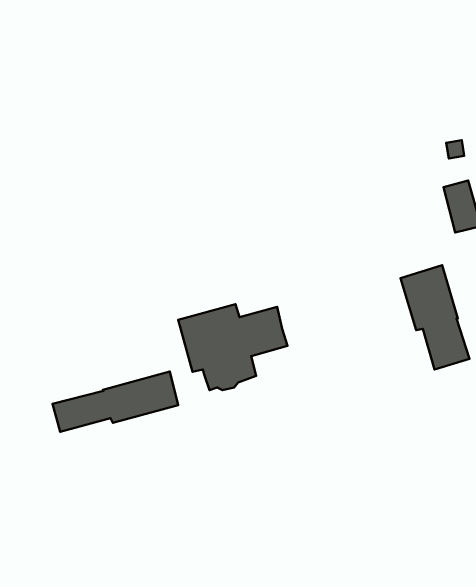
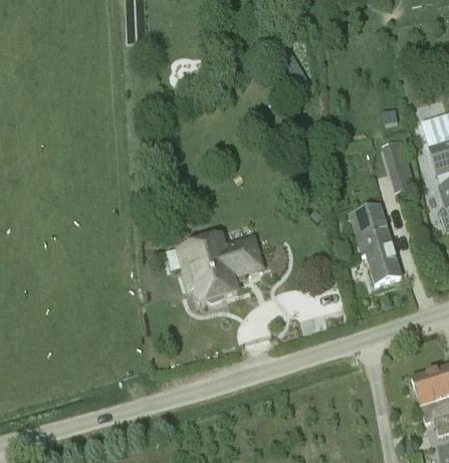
building: [52,372,178,432] -> none

